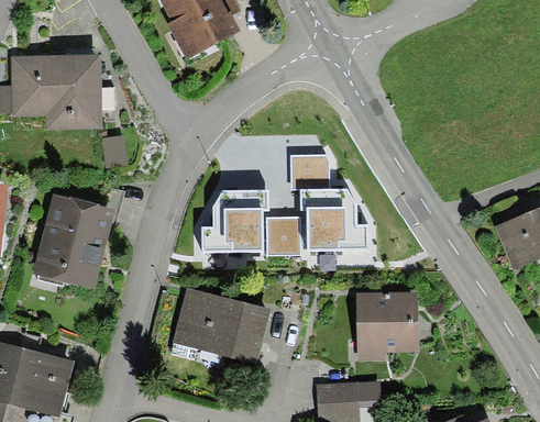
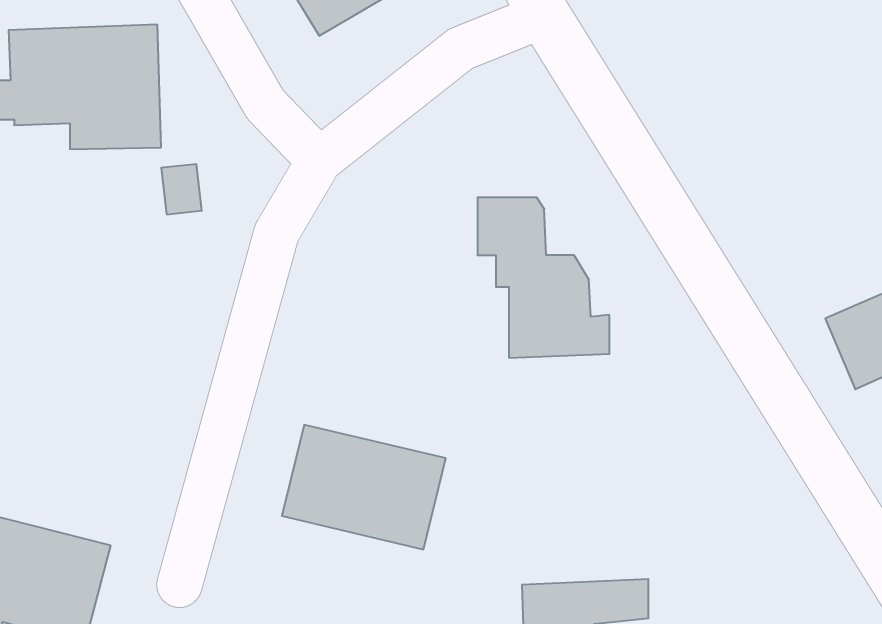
building: [201,189,267,249] -> none
building: [32,192,115,289] -> none
building: [267,216,300,254] -> none
building: [356,290,418,359] -> none

